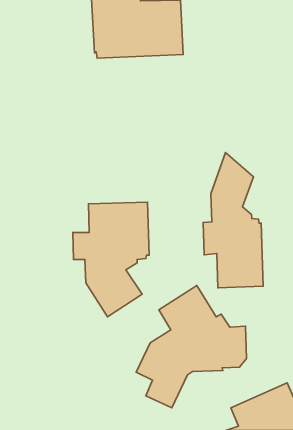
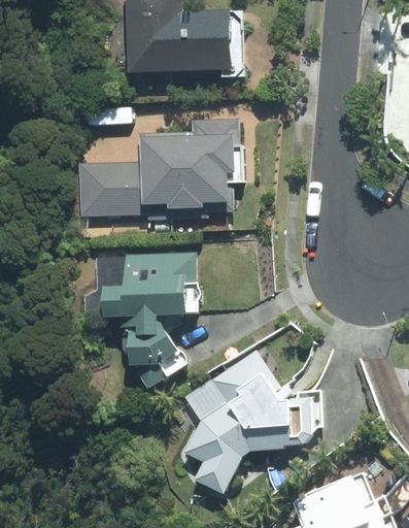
building: none -> [77,118,243,216]
building: [203,152,263,288] -> none

